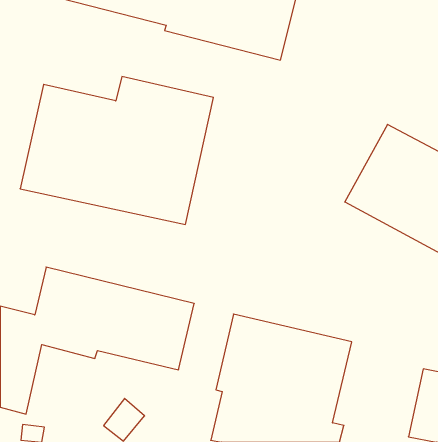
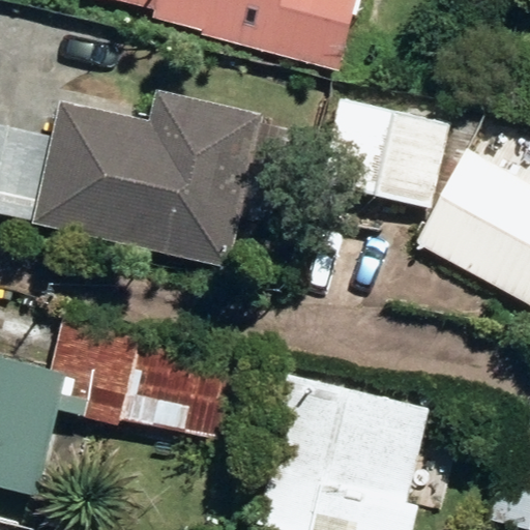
building: none -> [323,97,450,208]

